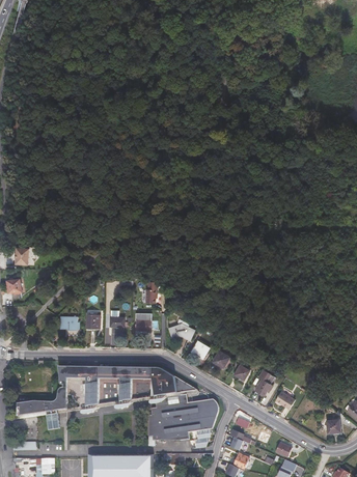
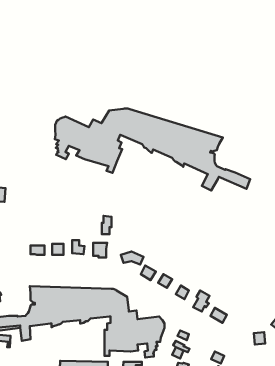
building: none -> [55,108,250,191]

